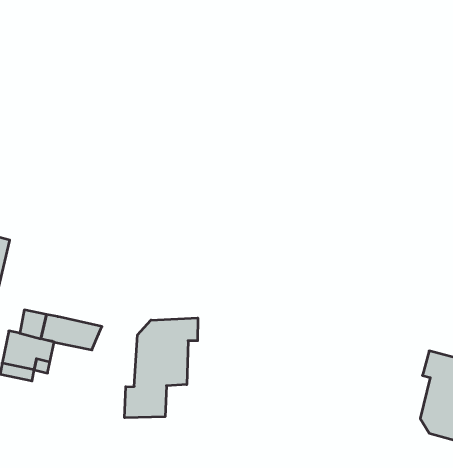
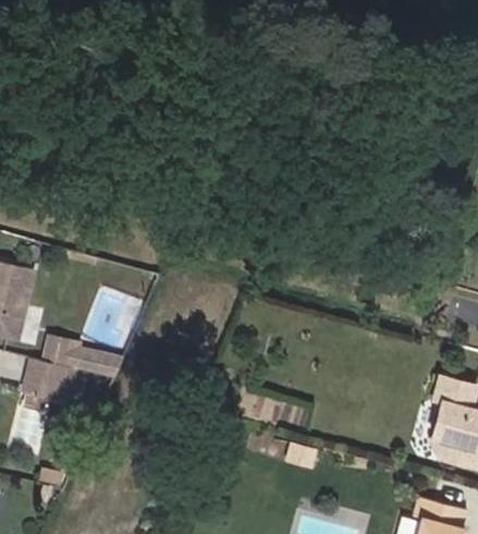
building: [125,318,198,418] -> none

